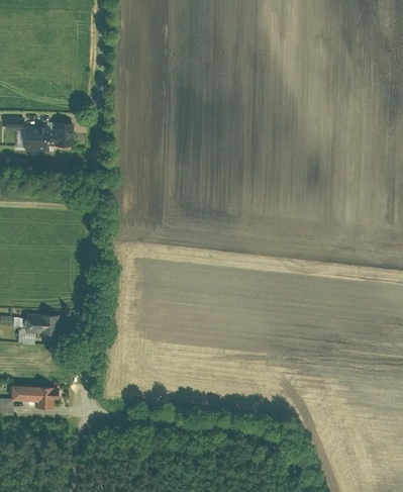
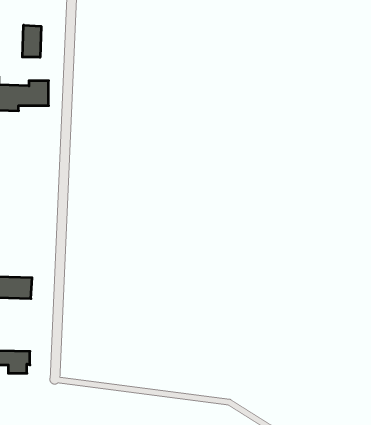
building: none -> [22,25,41,57]

